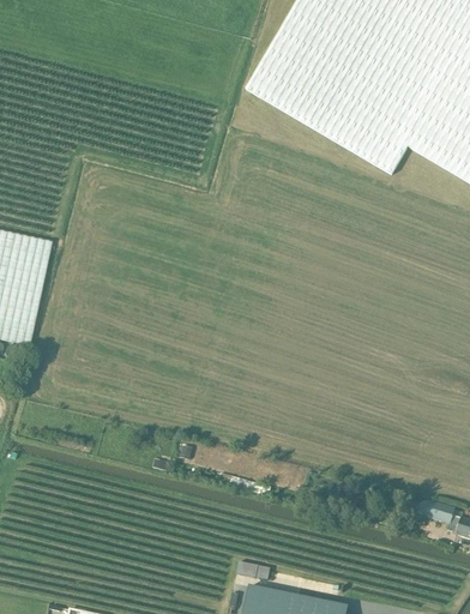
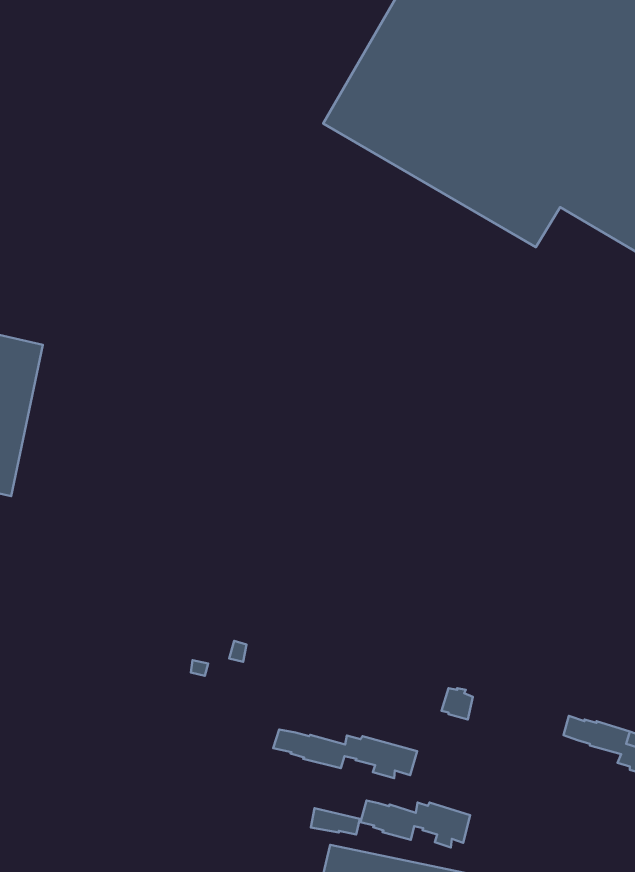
building: none -> [273,729,417,778]
building: none -> [361,801,470,847]

